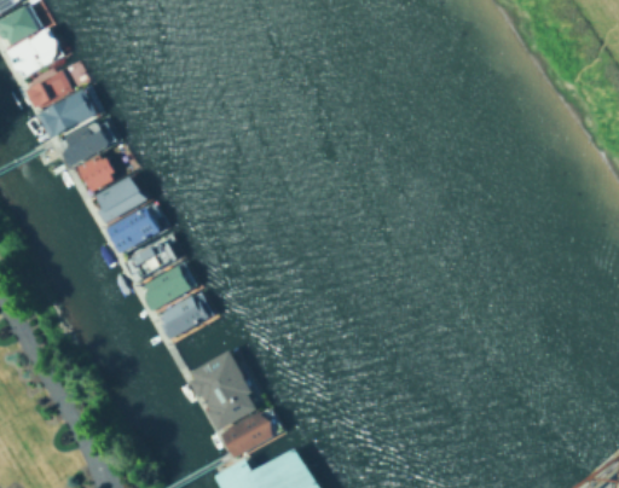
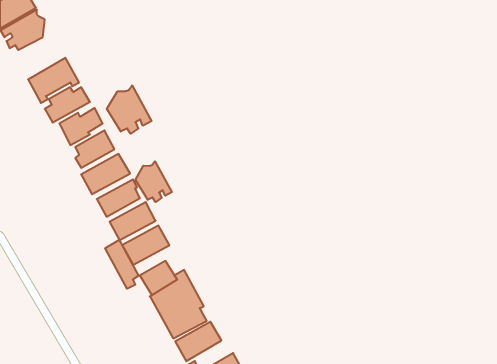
building: [25,63,83,109] -> none
building: none -> [107,85,152,134]
building: none -> [136,161,172,202]
building: none -> [105,240,138,289]

